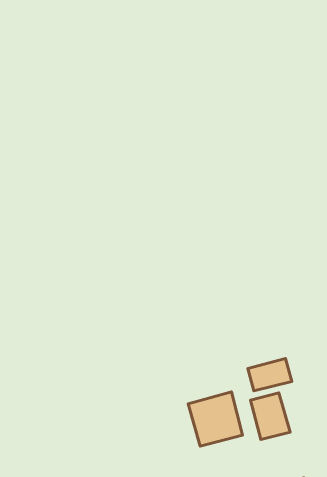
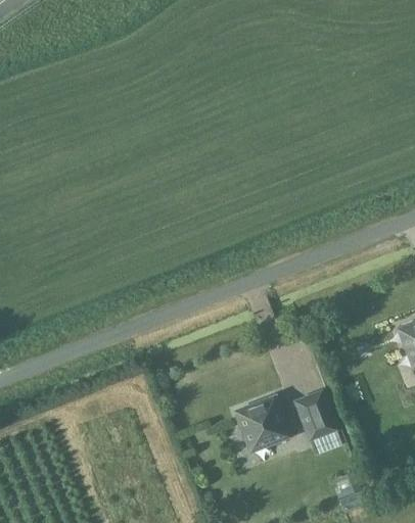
building: [248,358,292,391] -> none

